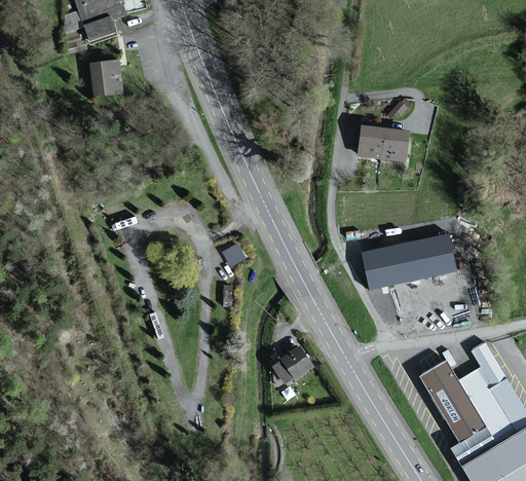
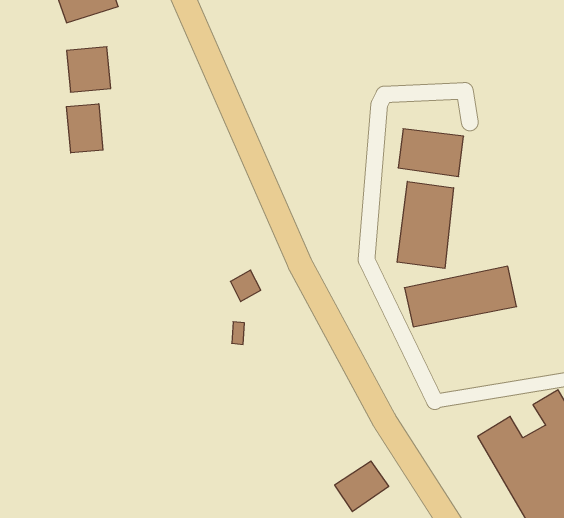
building: none -> [66,104,103,153]
building: none -> [397,181,454,268]
building: [271,345,315,386] -> [335,461,389,512]

